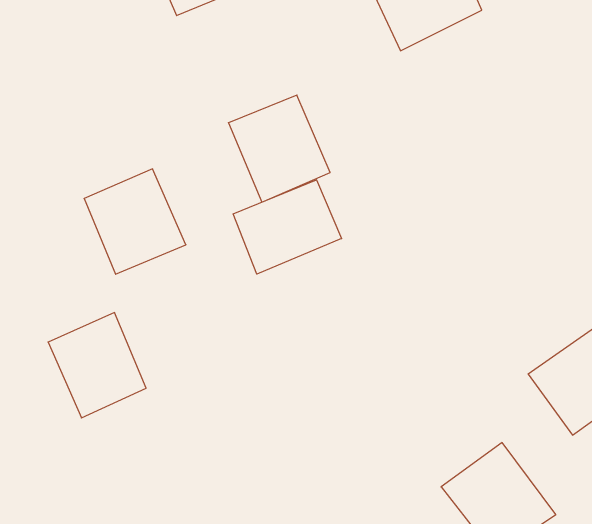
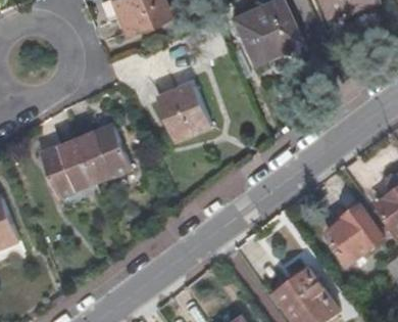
building: [233,180,342,274] -> none
building: [48,313,146,418] -> [43,139,97,197]

